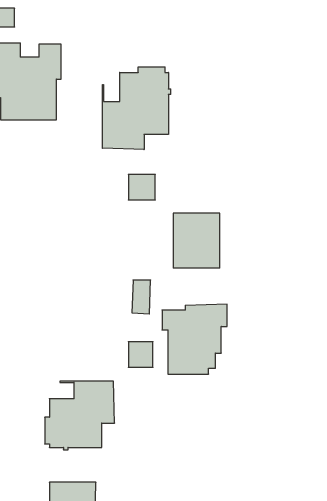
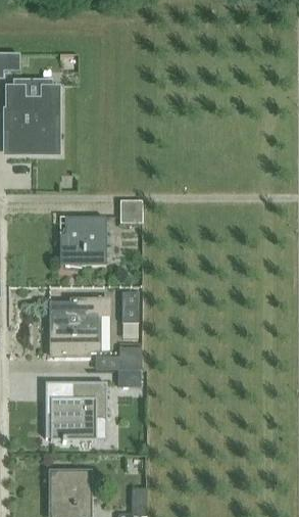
building: [102,67,171,150] -> none
building: [173,213,220,268] -> [65,217,106,265]
building: [162,304,227,374] -> [49,296,106,358]

